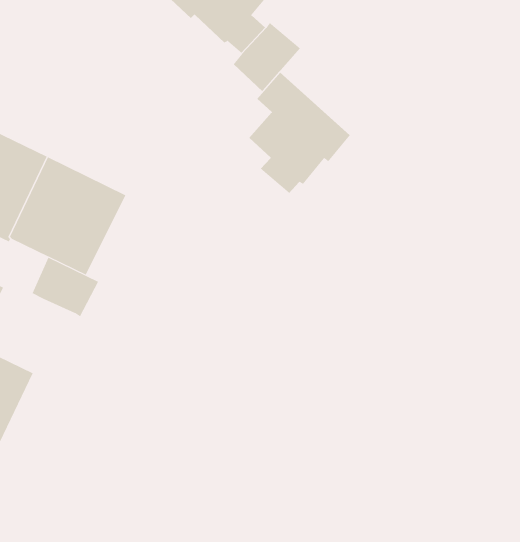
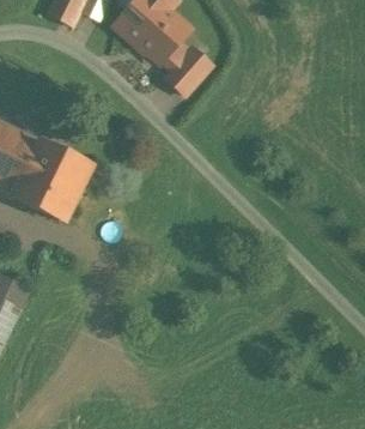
building: [249,72,350,194] -> none
building: [32,257,99,317] -> none

